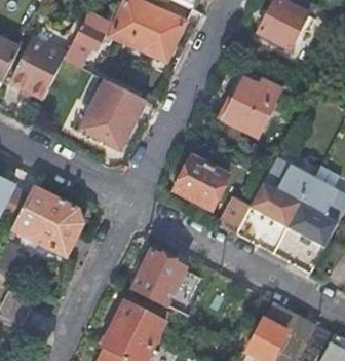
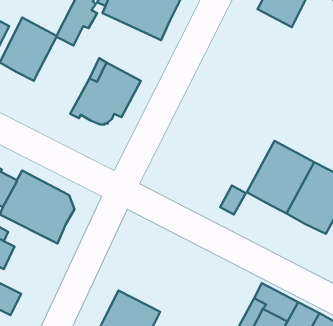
building: [220,79,281,136] -> none
building: [177,157,229,209] -> none
building: [132,259,181,304] -> none

